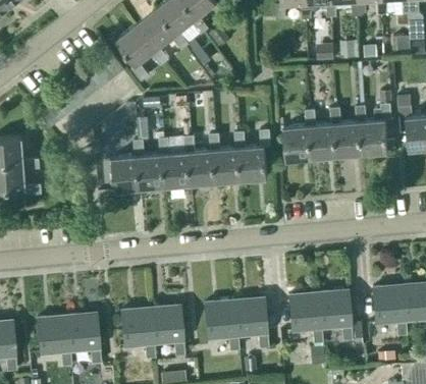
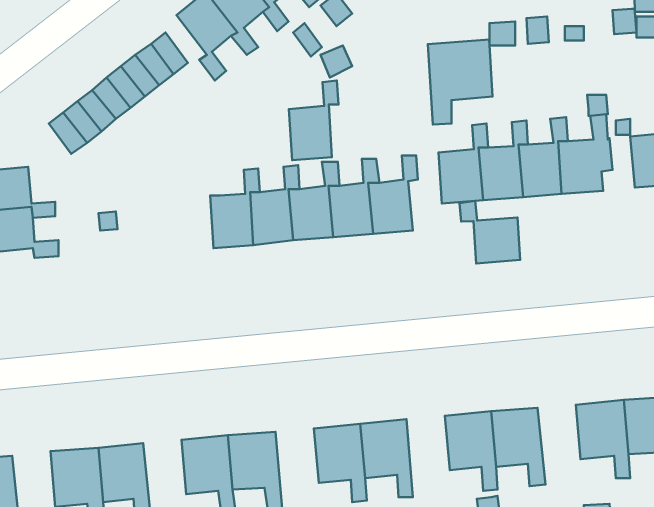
building: none -> [428,39,493,124]
building: [113,140,145,190] -> [289,80,338,160]
building: none -> [459,201,520,263]

